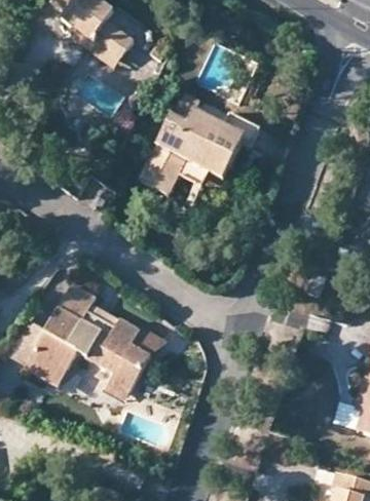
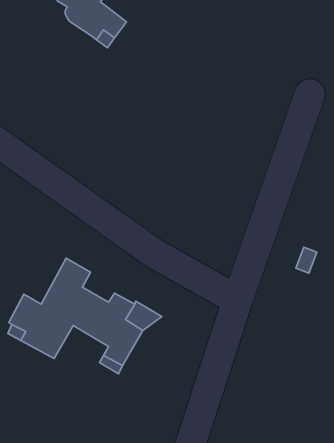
building: [140,94,260,193] -> none

